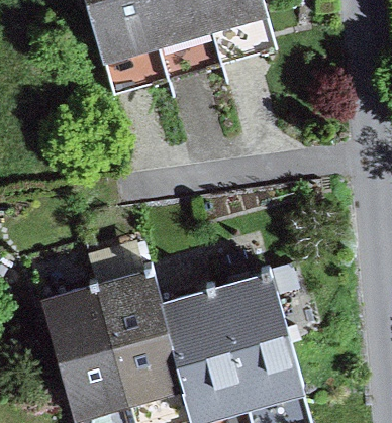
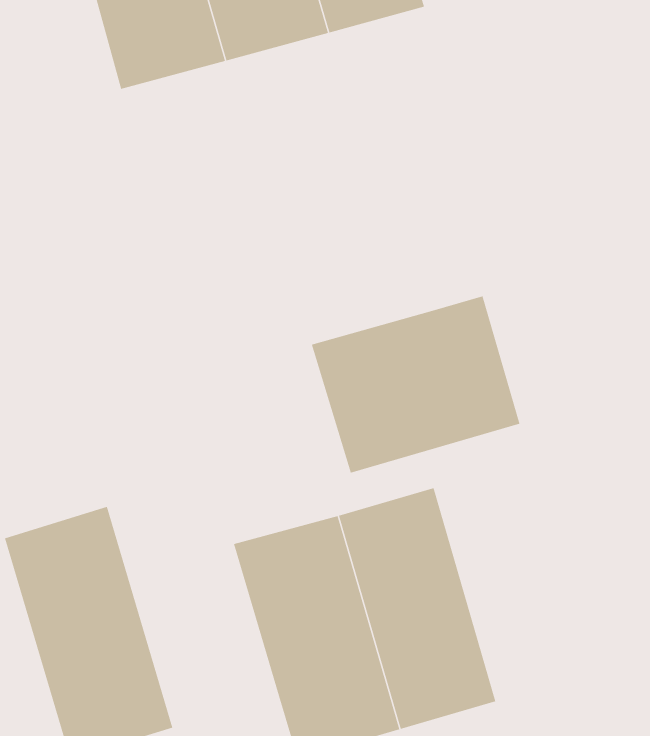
building: none -> [311,296,520,474]
building: [95,262,187,399] -> none

